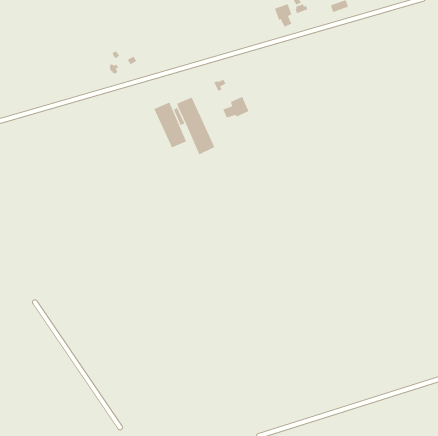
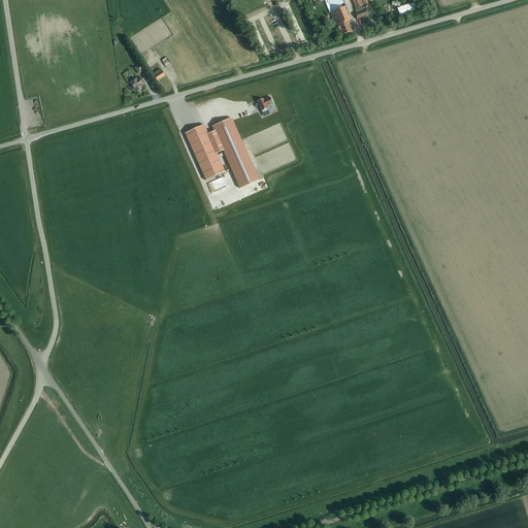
building: [223,96,249,119] -> none

